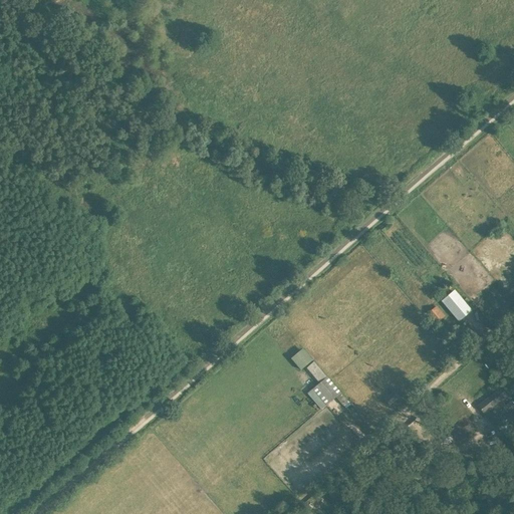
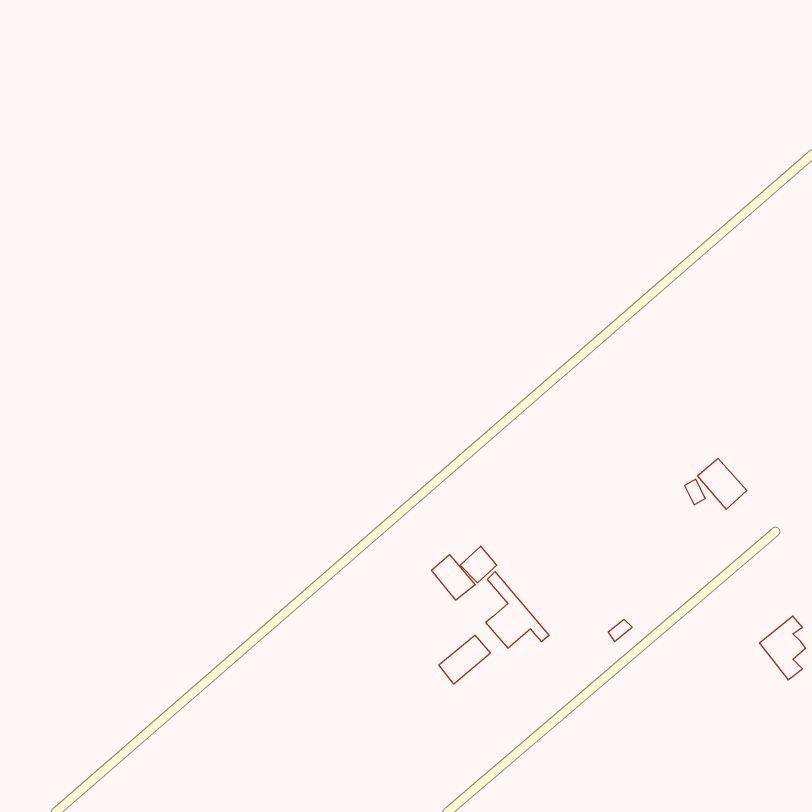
building: none -> [431,555,475,600]
building: none -> [439,635,490,684]

